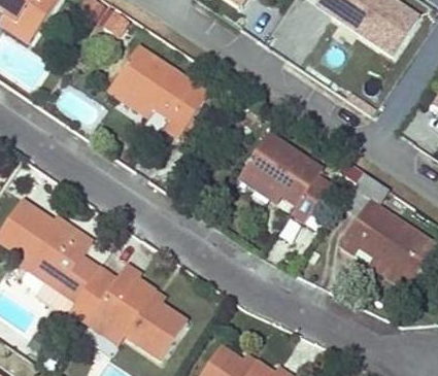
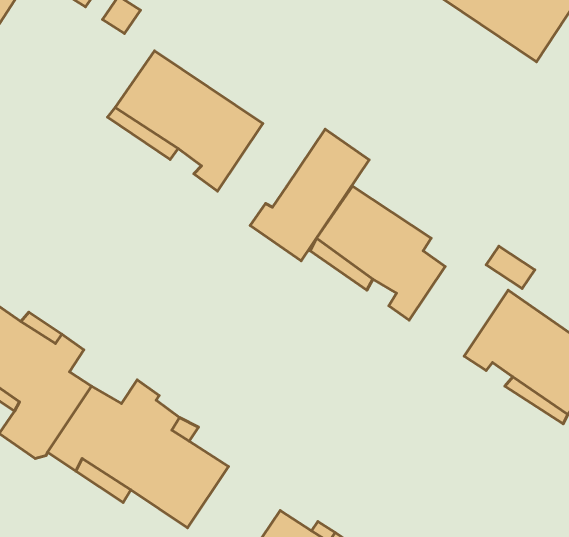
building: none -> [250,129,369,261]

